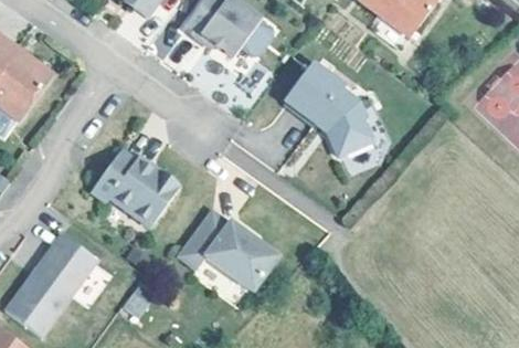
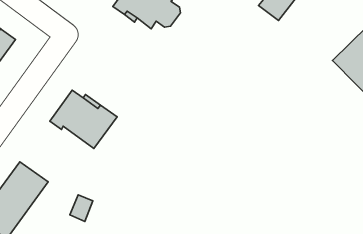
building: [285,62,372,155] -> none
building: [179,211,277,289] -> none

